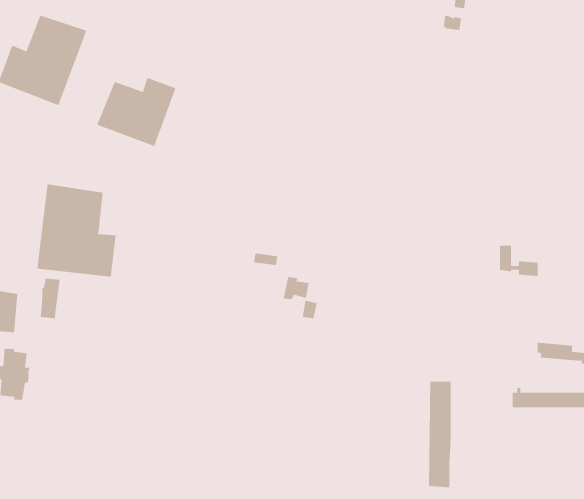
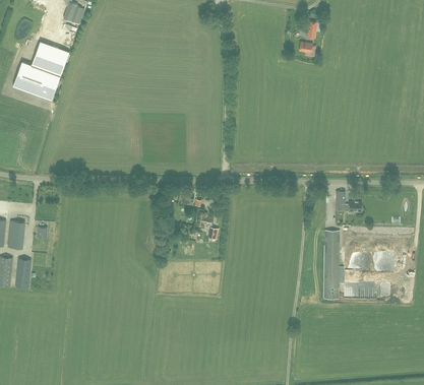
building: [97,77,176,147] -> none
building: [37,184,116,277] -> none
building: [428,381,452,488] -> [324,230,340,299]

